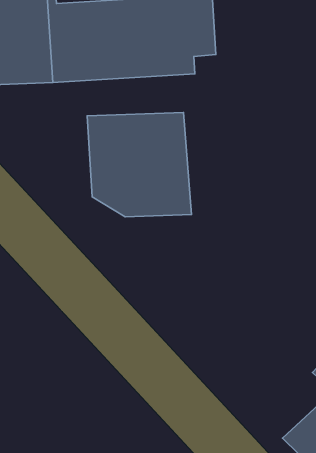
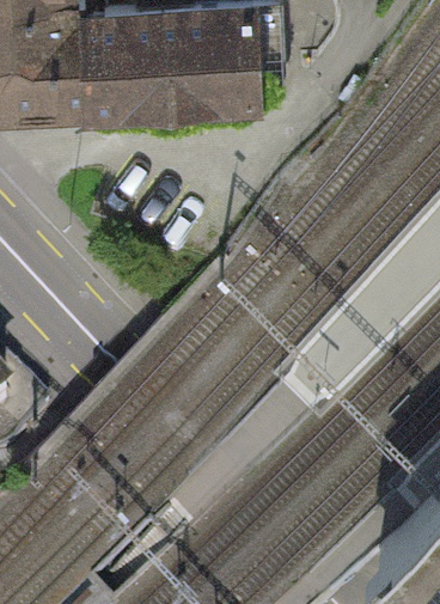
building: [87,113,191,217] -> none

